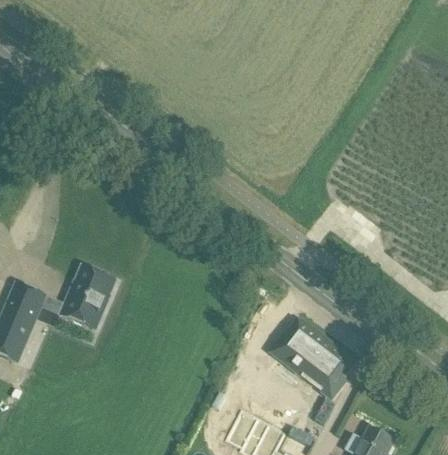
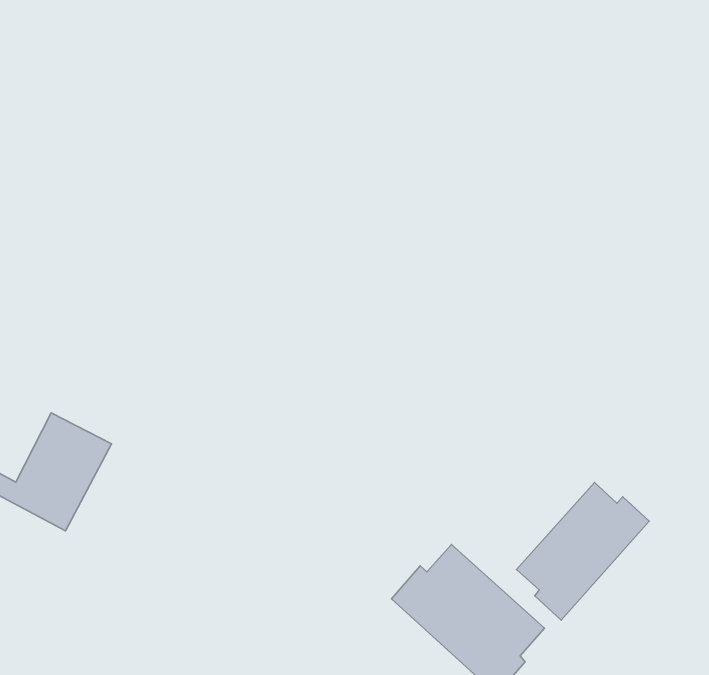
building: none -> [517,483,649,620]

